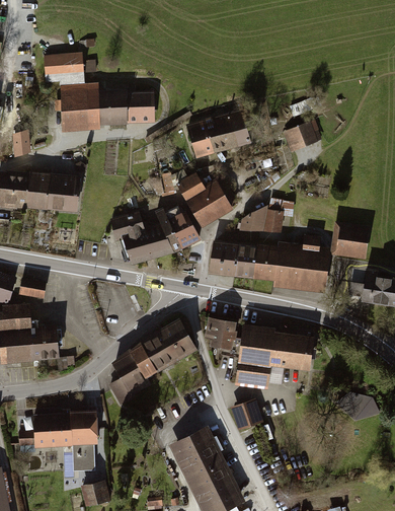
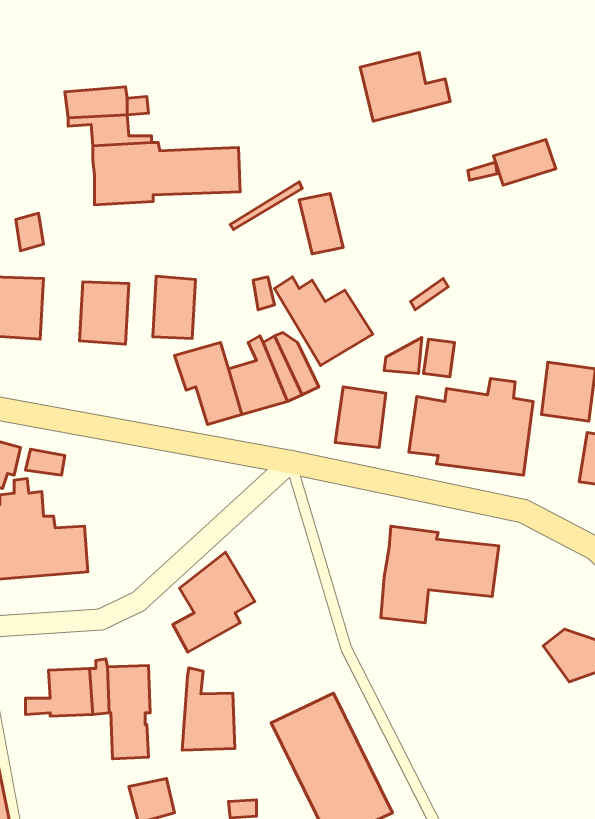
building: [207,111,262,153] -> [360,52,450,121]
building: [284,122,322,150] -> [493,139,556,185]
building: [27,172,54,211] -> [153,276,196,338]
building: [237,243,260,280] -> none
building: [142,319,197,372] -> none
building: [207,319,243,357] -> none
building: [232,399,259,426] -> none
building: none -> [182,668,235,750]

